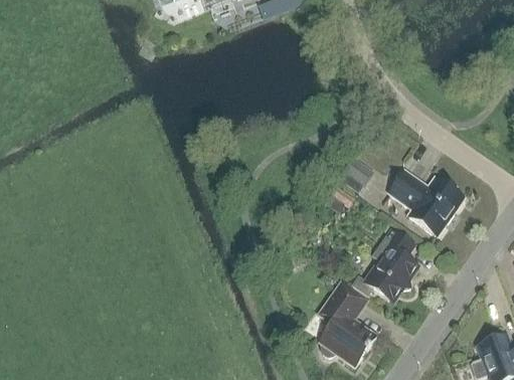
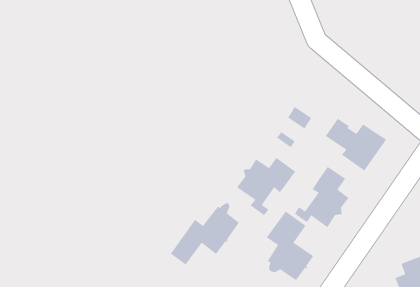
building: none -> [236,157,296,216]
building: none -> [170,202,240,265]

